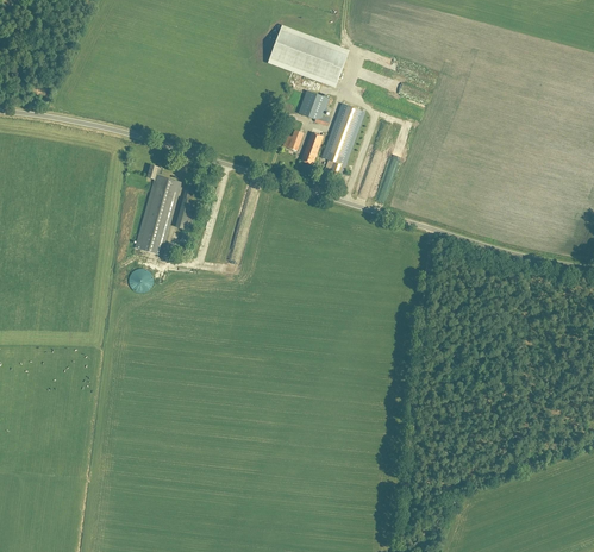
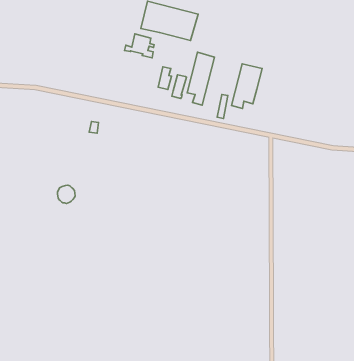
building: [289,89,331,125] -> [125,34,154,58]
building: none -> [231,64,262,109]
building: [135,164,181,255] -> none

